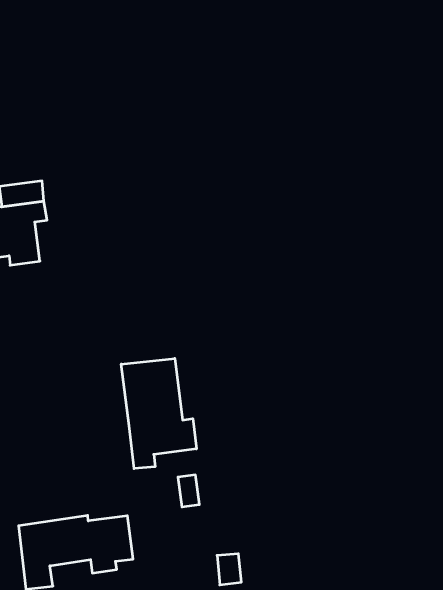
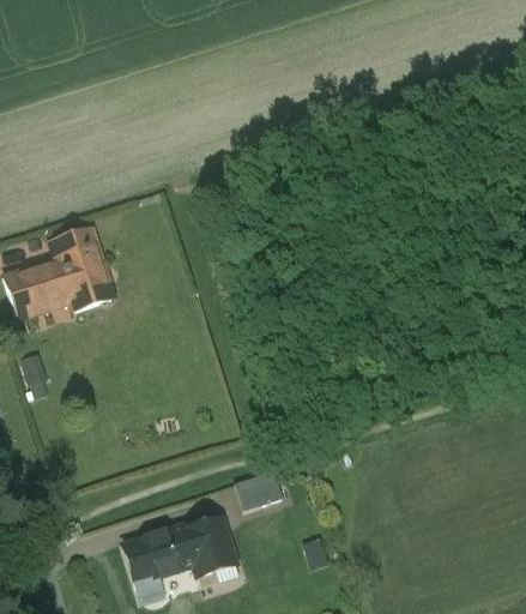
building: [121,358,196,469] -> none
building: none -> [236,475,270,510]

